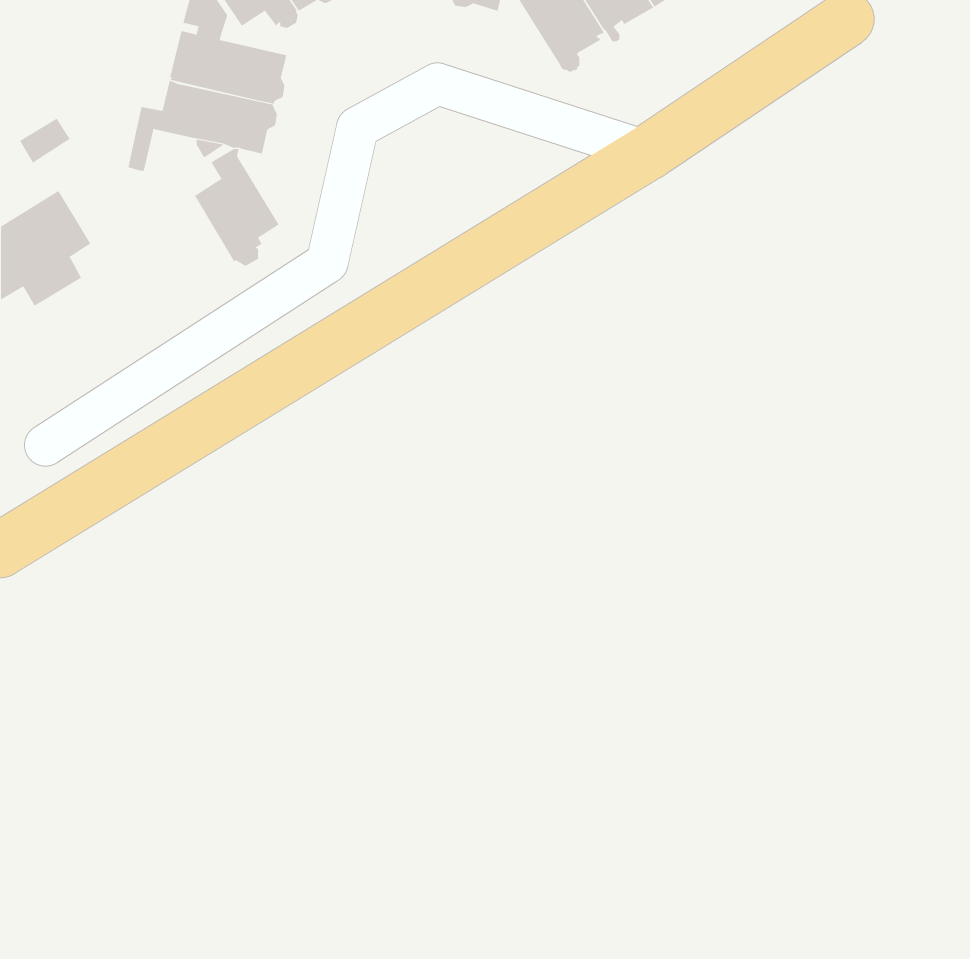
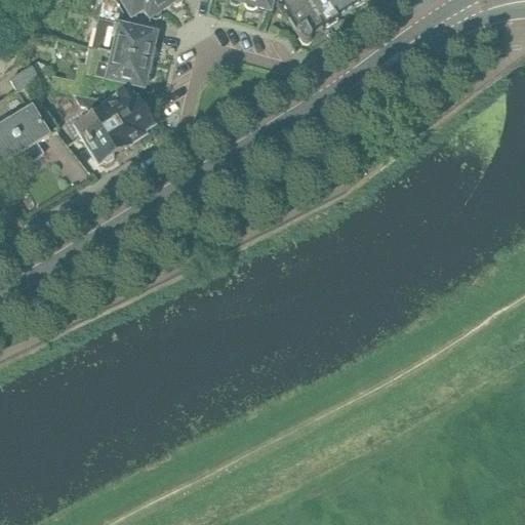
building: none -> [76,92,127,160]

